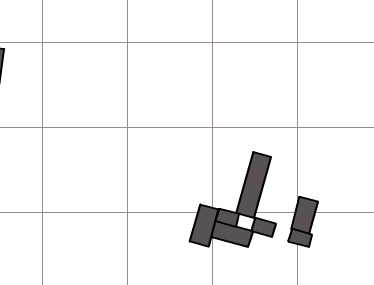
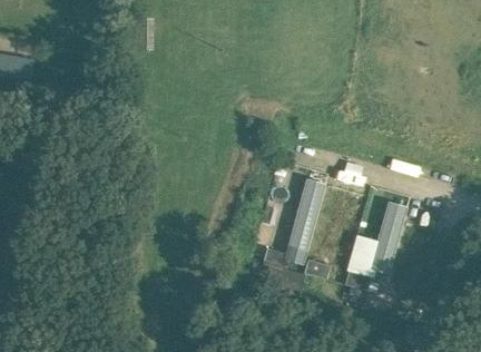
building: none -> [367,203,408,277]
building: [190,204,218,247] -> none

